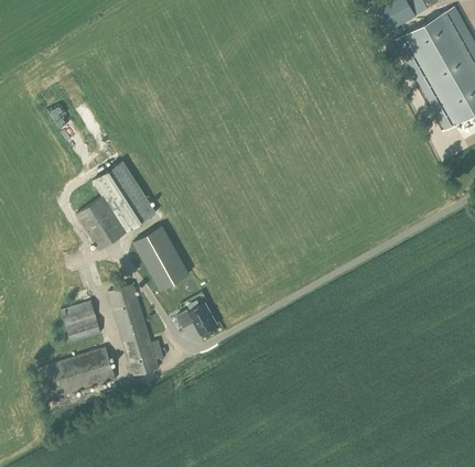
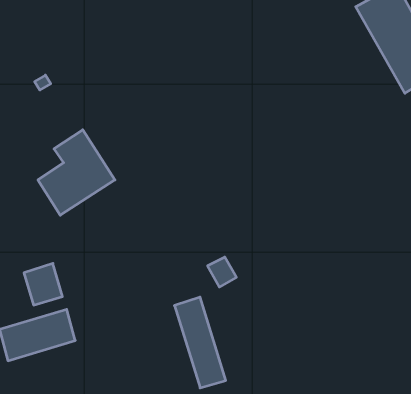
building: [133,226,188,290] -> none
building: [107,283,160,377] -> [174,297,226,388]
building: [187,304,217,335] -> [208,257,236,287]

